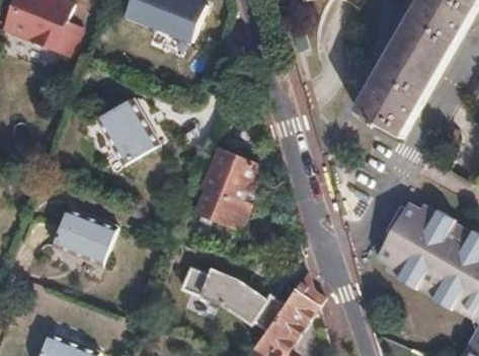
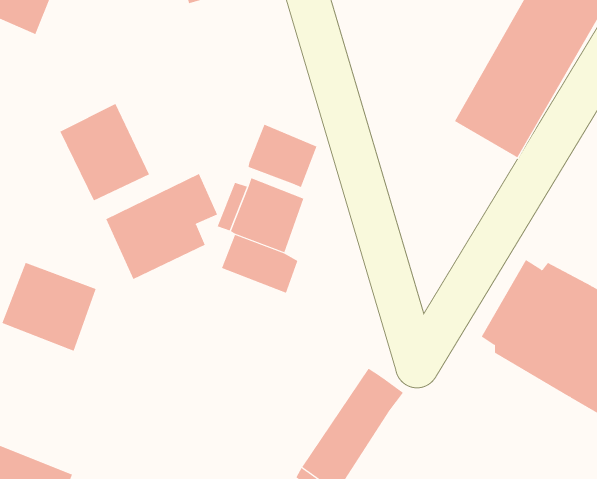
building: none -> [248,124,317,188]
building: none -> [105,173,218,280]
building: [175,263,277,335] -> none

